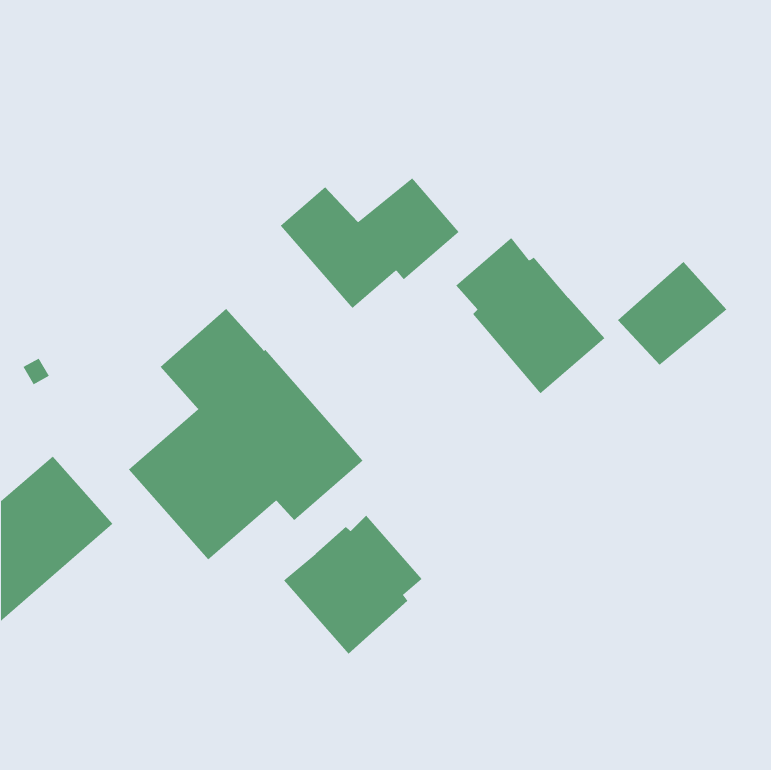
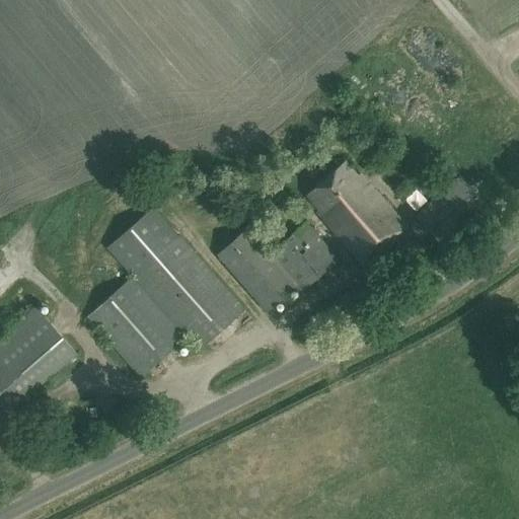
building: [280,178,459,309] -> [217,223,338,311]
building: [283,515,422,655] -> none

